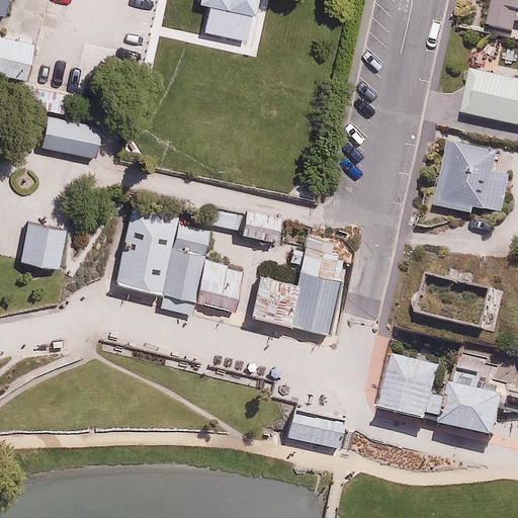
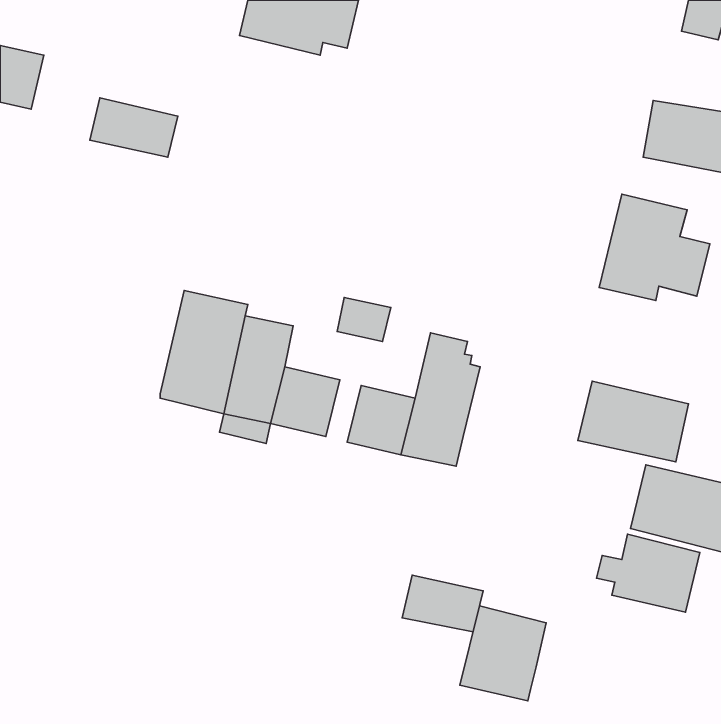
building: [39,114,102,157] -> [90,98,178,157]
building: [7,223,64,267] -> none
building: [377,353,439,421] -> [460,606,546,701]

